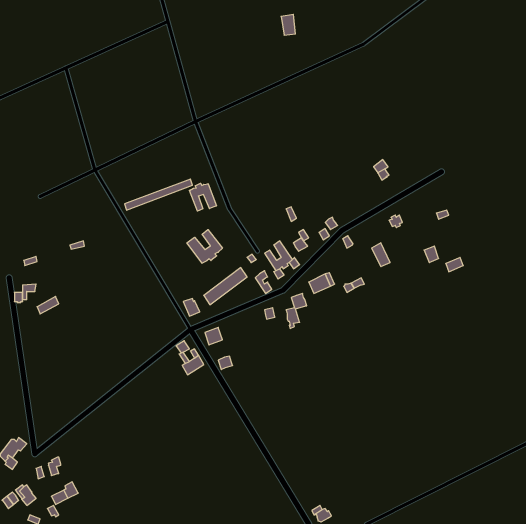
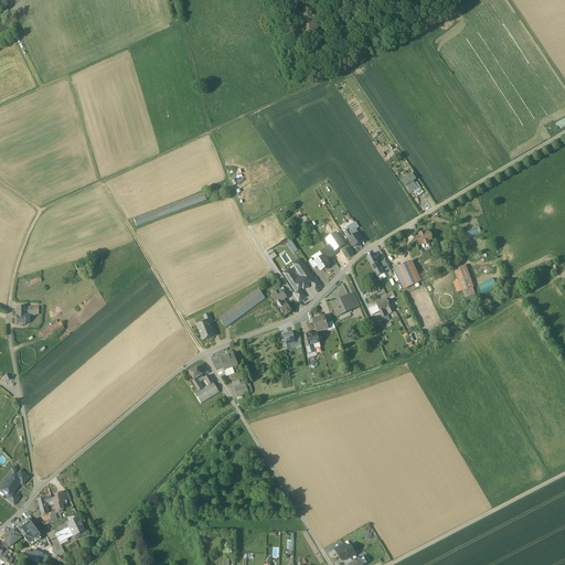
building: [189,183,216,211] -> none
building: [187,230,222,263] -> none

